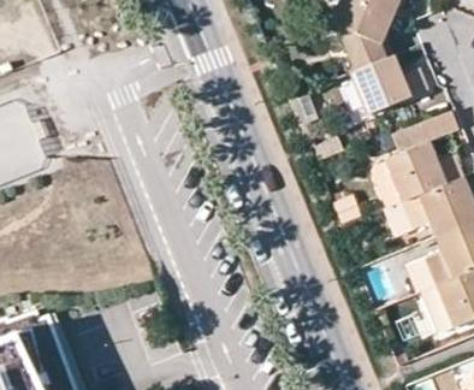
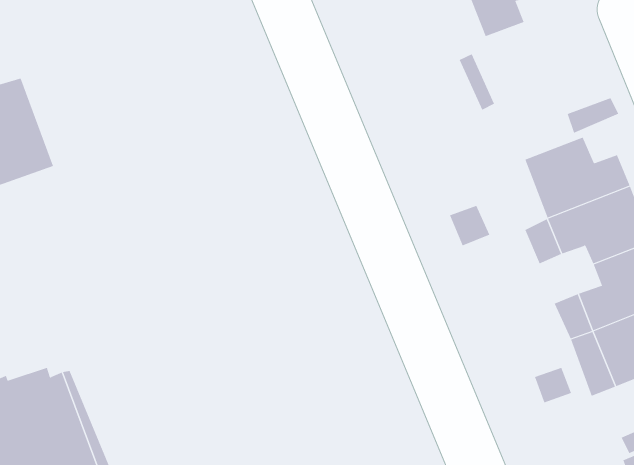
building: [351,53,431,113] -> none

